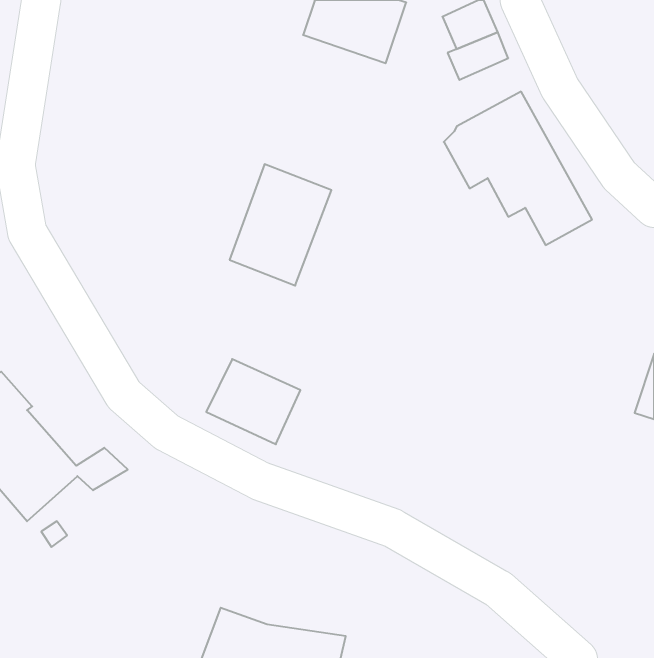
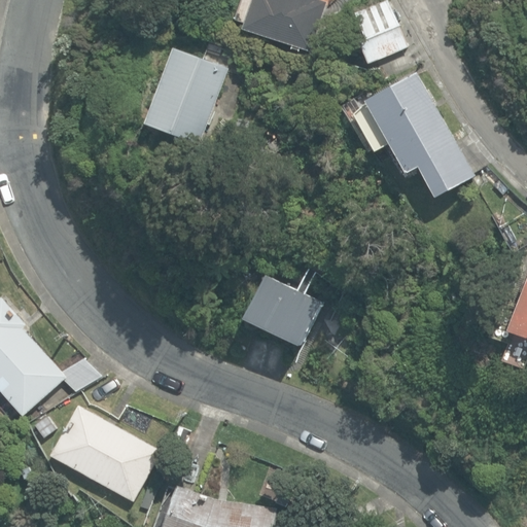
building: [230,164,331,286] -> [145,48,226,145]
building: [206,359,300,444] -> [244,277,319,345]
building: none -> [49,406,160,501]

